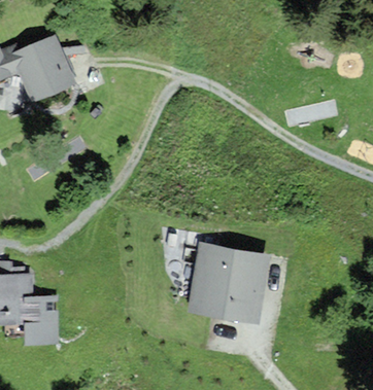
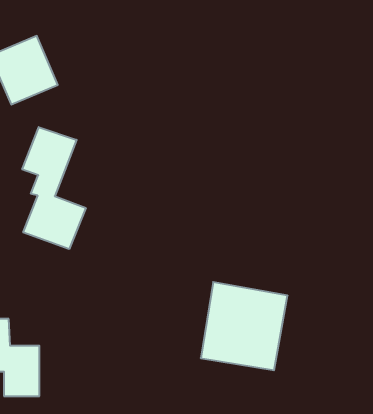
building: none -> [22,127,86,249]

